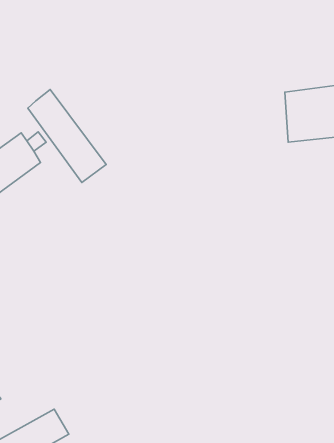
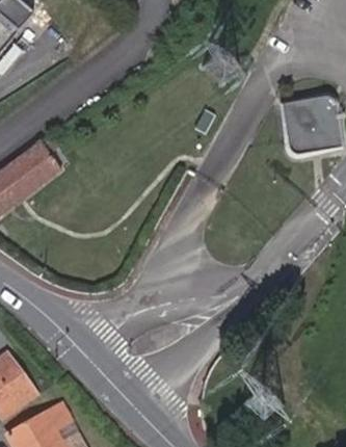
building: [28,90,106,183] -> none

